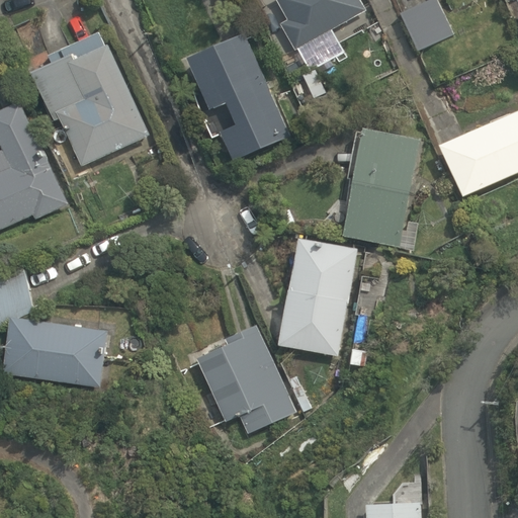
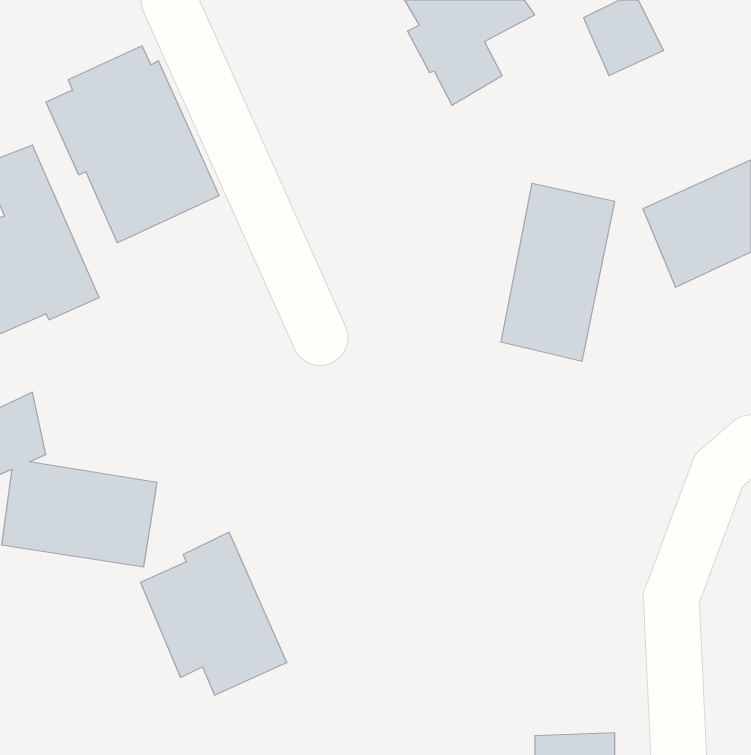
building: [187,32,288,161] -> none
building: [278,237,357,356] -> none
building: [196,323,296,434] -> [140,532,287,695]

